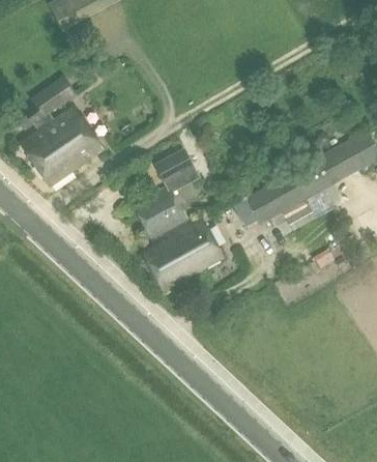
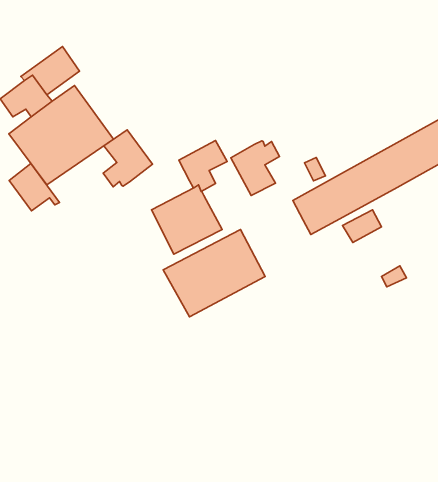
building: none -> [103,130,152,187]
building: none -> [231,141,280,196]
building: none -> [9,164,60,211]

